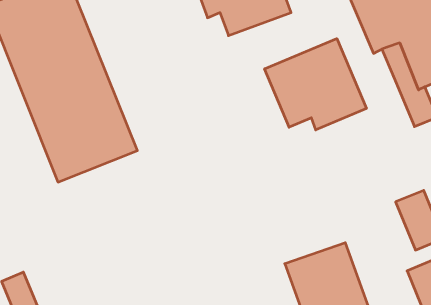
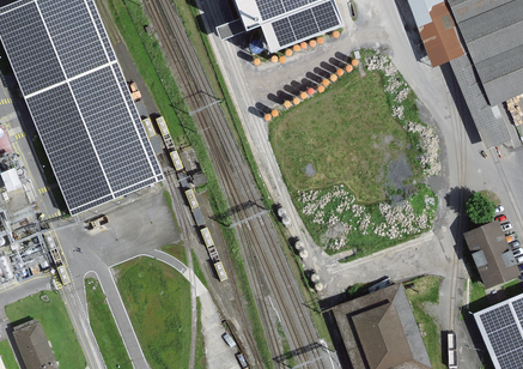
building: [265,39,366,130] -> none

